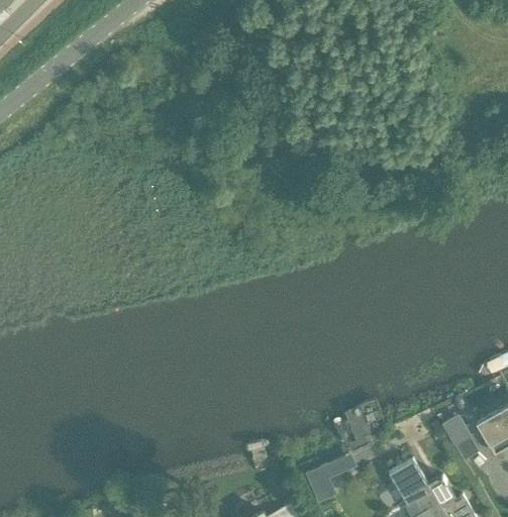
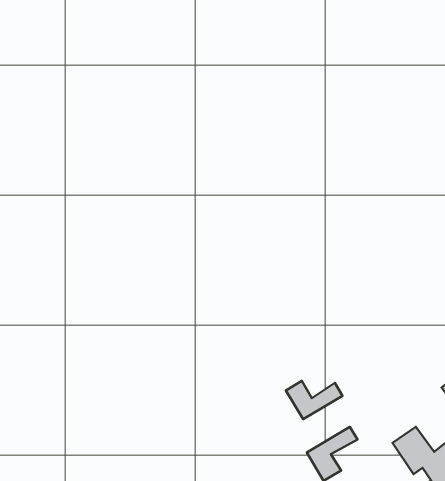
building: none -> [286,381,342,419]

